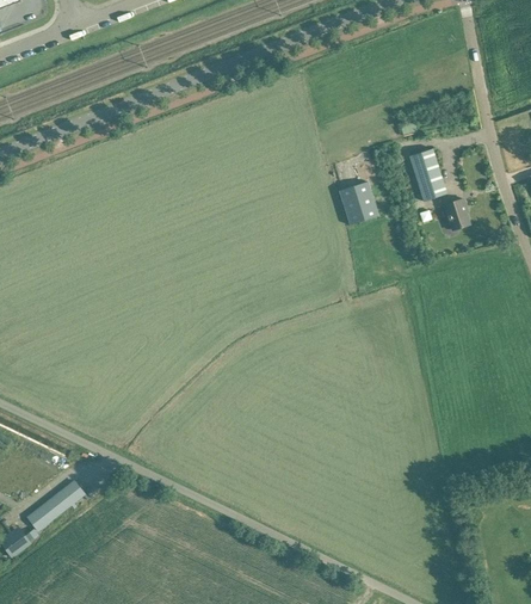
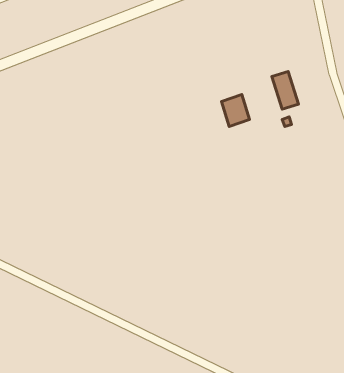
building: [444,198,469,230] -> none
building: [39,480,85,520] -> none

